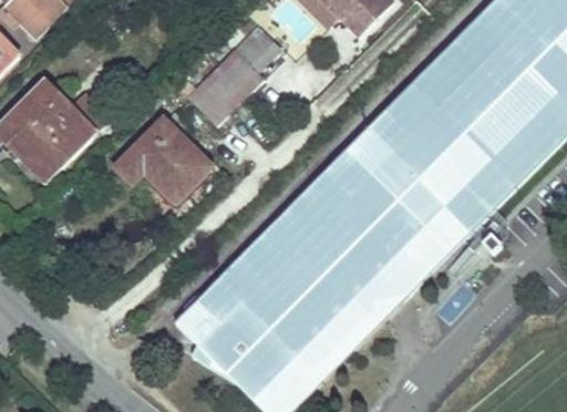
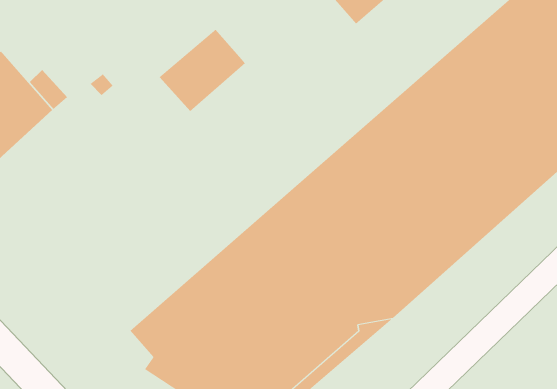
building: [234,29,278,72] -> none
building: [115,111,210,202] -> none

